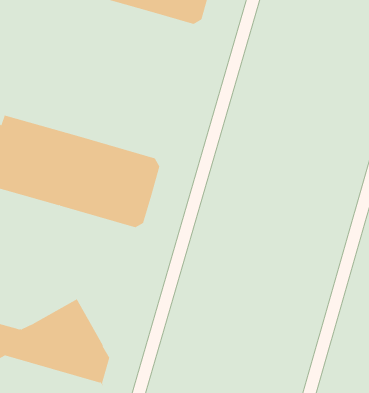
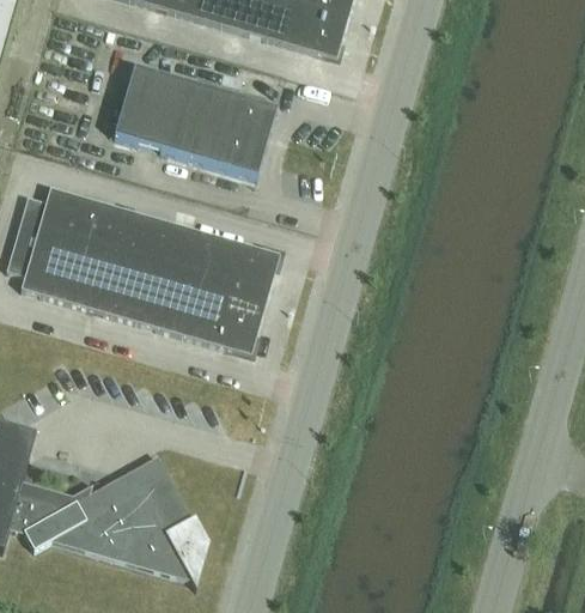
building: none -> [112,66,275,176]

